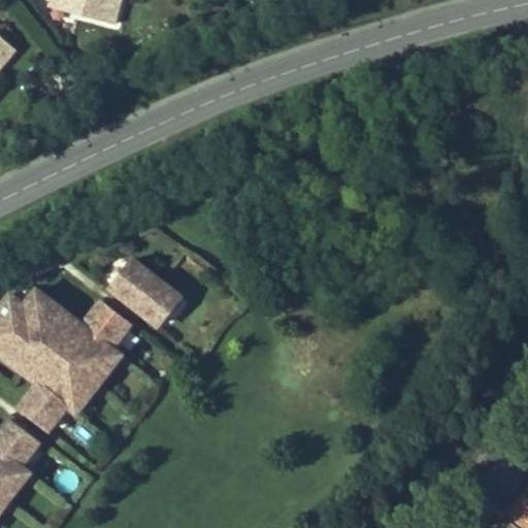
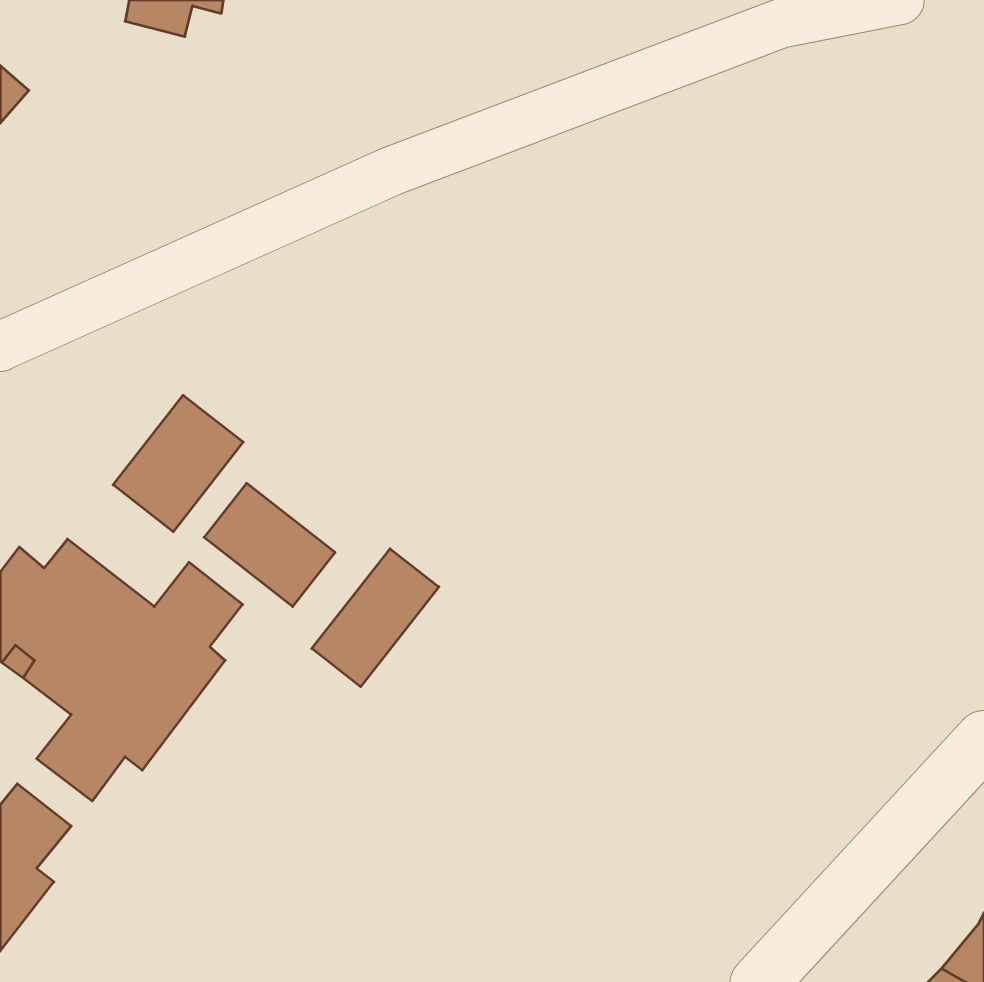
building: none -> [113,395,243,532]
building: none -> [312,549,439,687]

